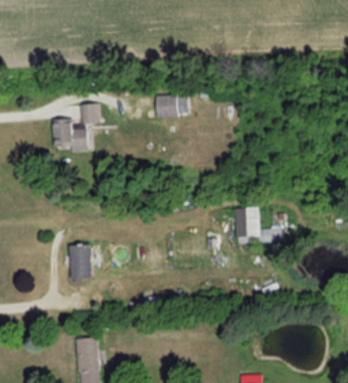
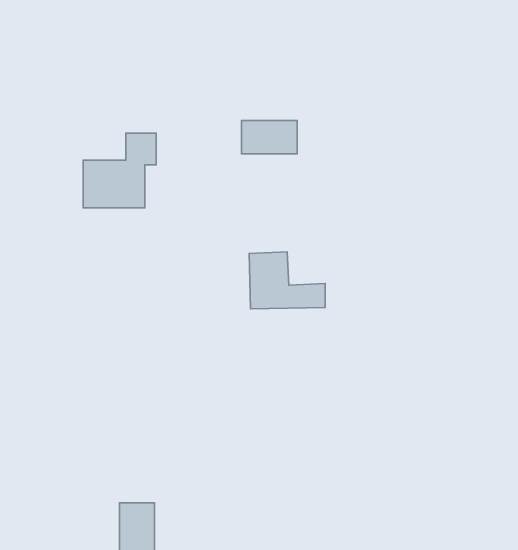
building: [234,207,283,243] -> [249,252,325,309]
building: [68,243,91,278] -> none

